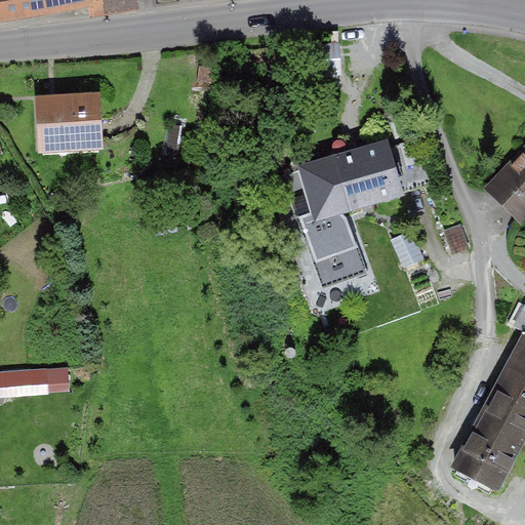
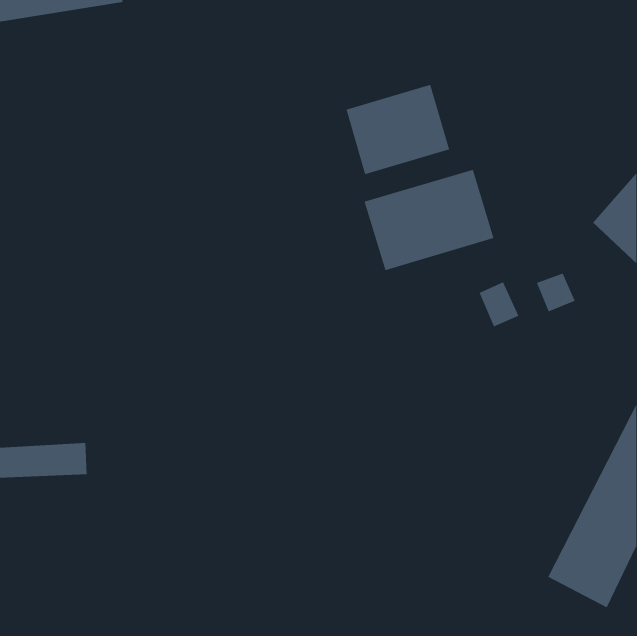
building: none -> [345,84,450,175]
building: [36,91,103,152] -> none
building: [300,213,368,287] -> none

